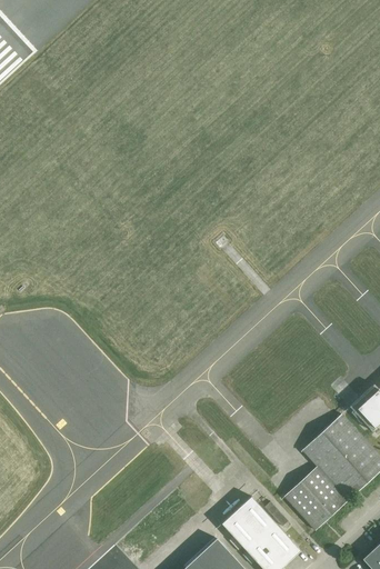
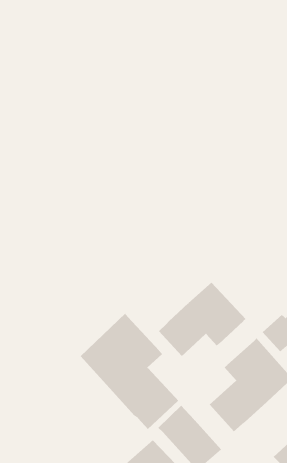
building: none -> [158,282,247,357]
building: none -> [80,313,180,430]

